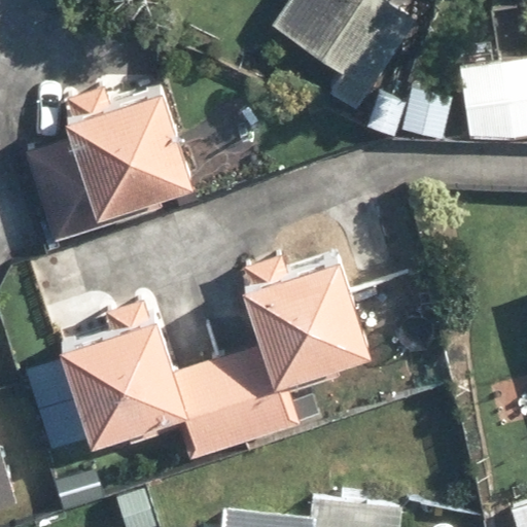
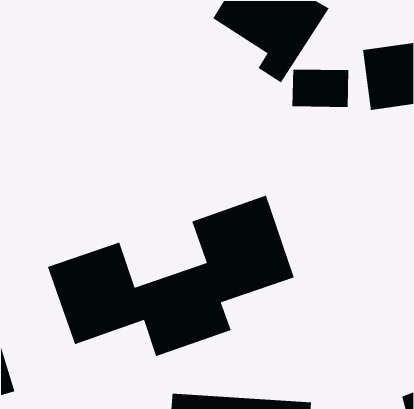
building: [23,86,198,243] -> none

